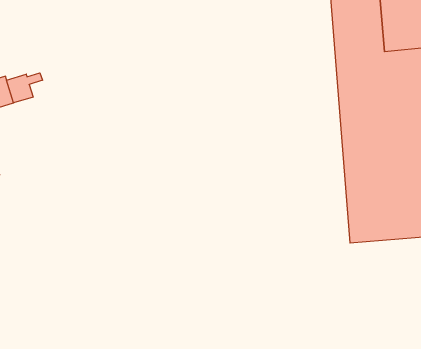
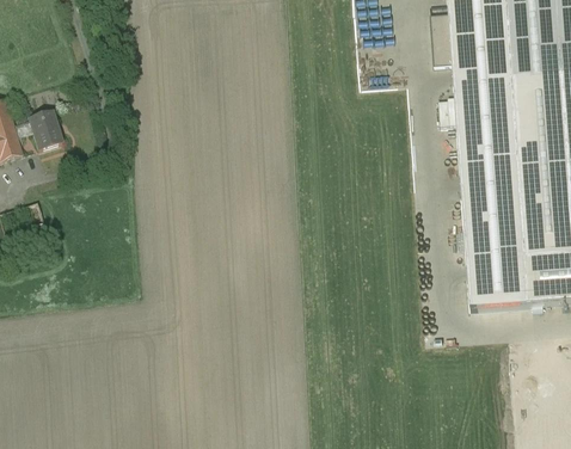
building: [7,73,43,103] -> none

